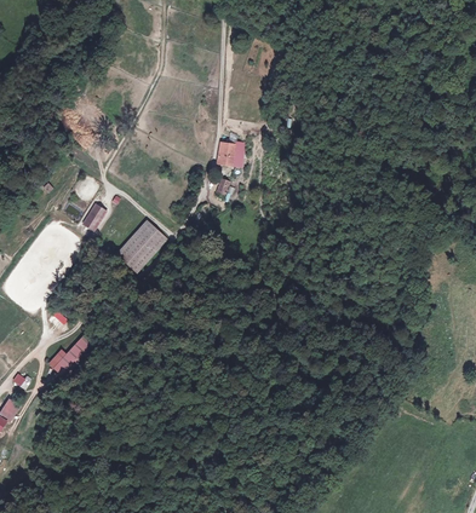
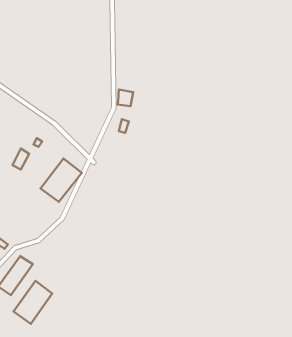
building: none -> [13,281,52,324]

